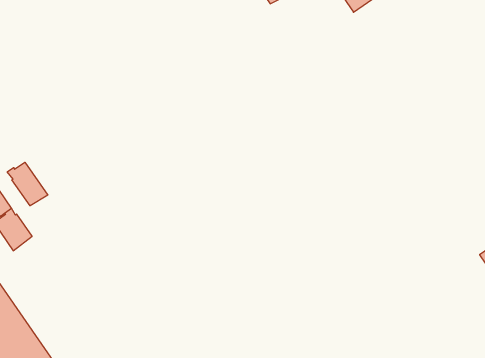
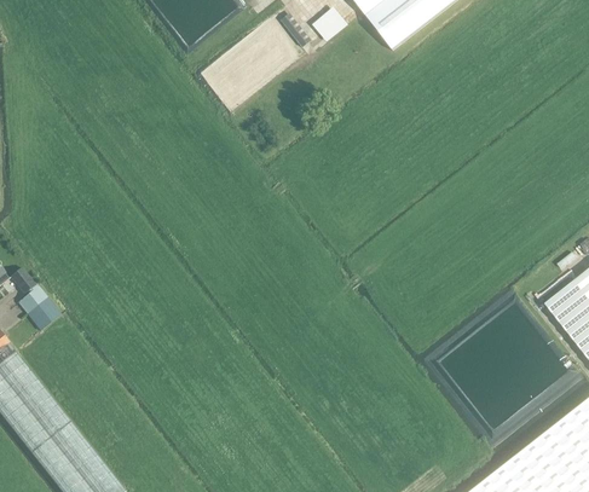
building: [7,162,48,206] -> none

